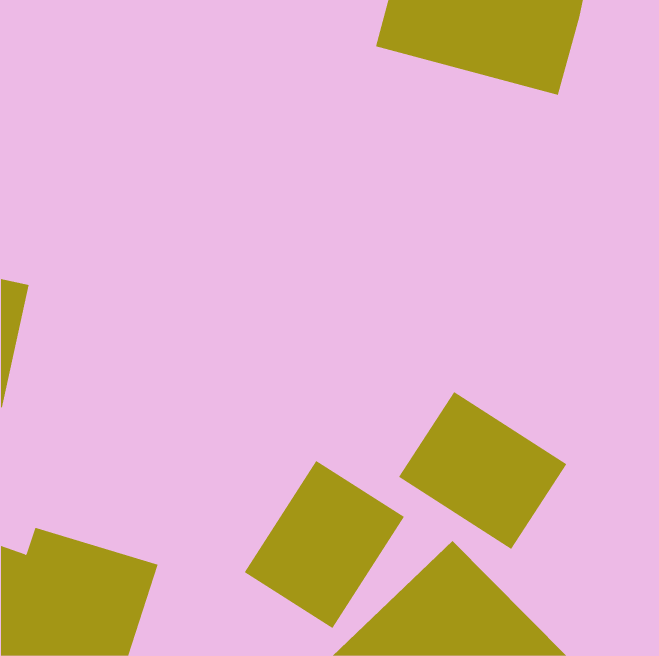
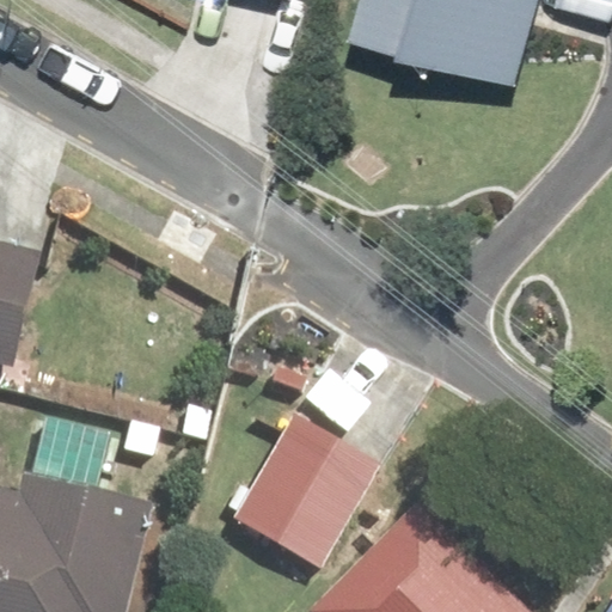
building: [398,391,567,550] -> none

